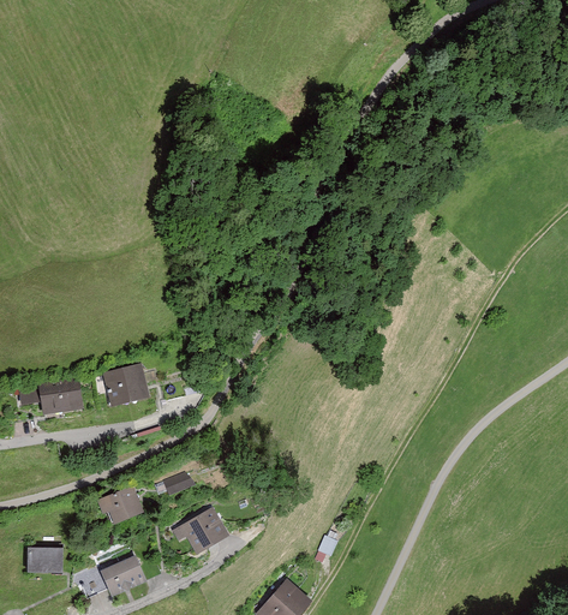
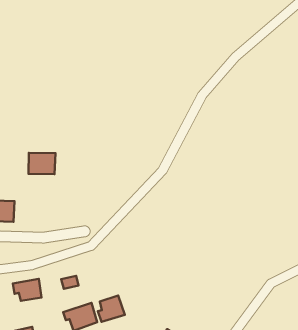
building: [103,366,145,402] -> [29,153,55,174]
building: none -> [98,296,125,322]

